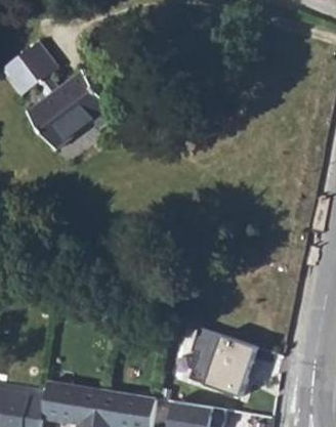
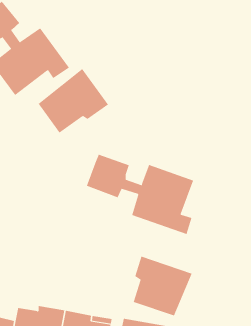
building: none -> [38,68,109,133]
building: none -> [86,154,194,235]

